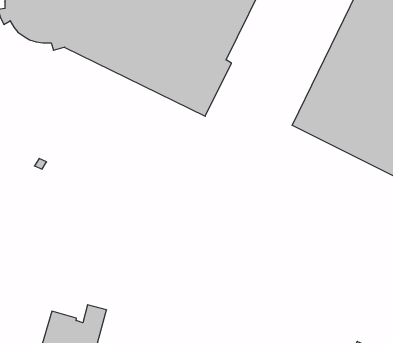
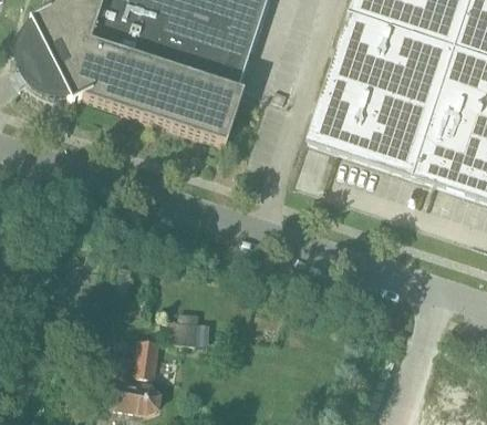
building: none -> [167,319,210,343]

